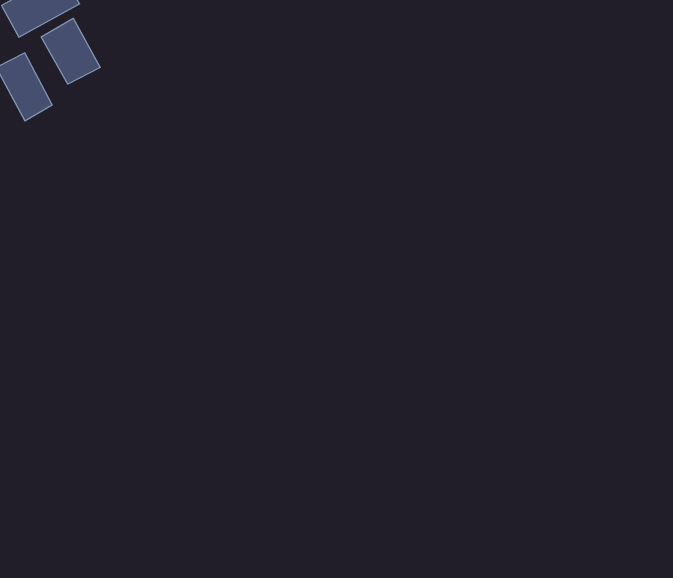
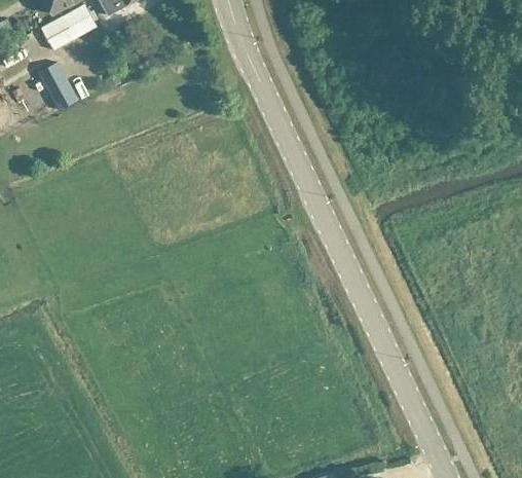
building: [41,18,100,84] -> none

